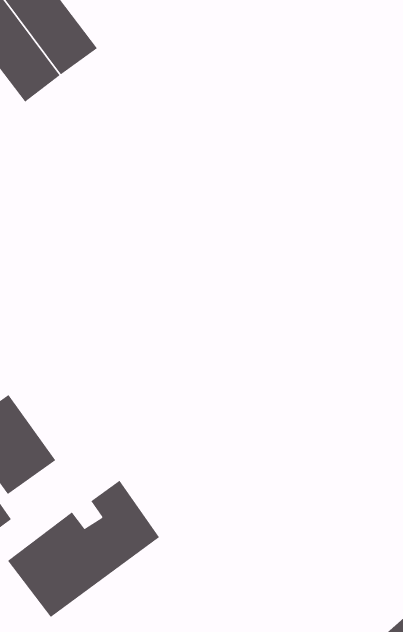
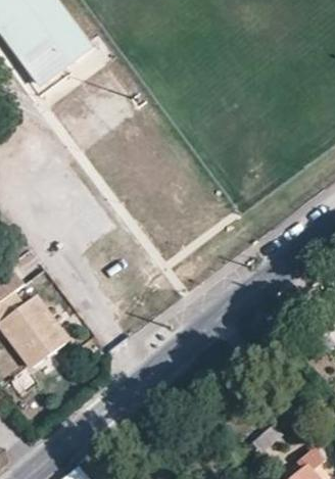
building: [7,480,160,618] -> none

